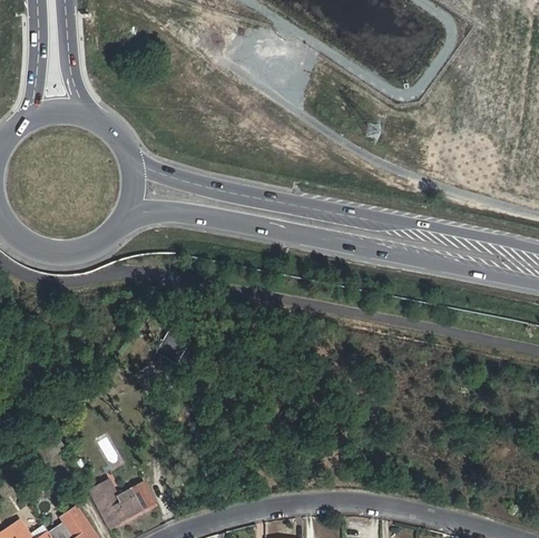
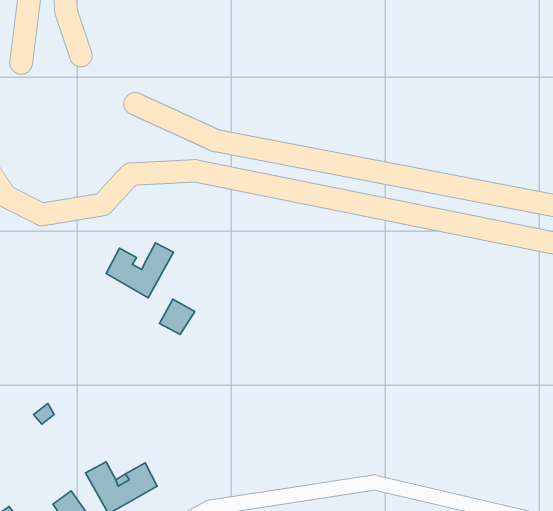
building: none -> [106,243,173,298]

